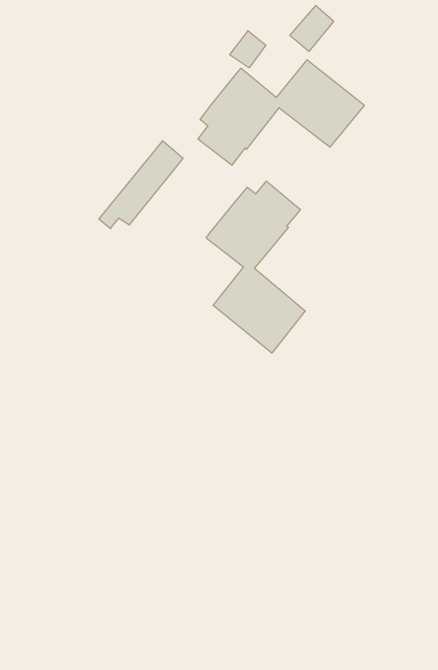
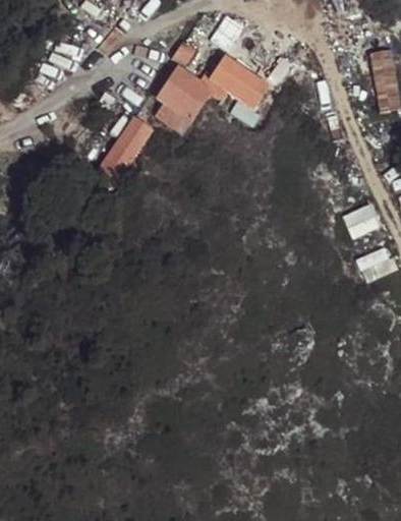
building: [206,181,305,353] -> none

